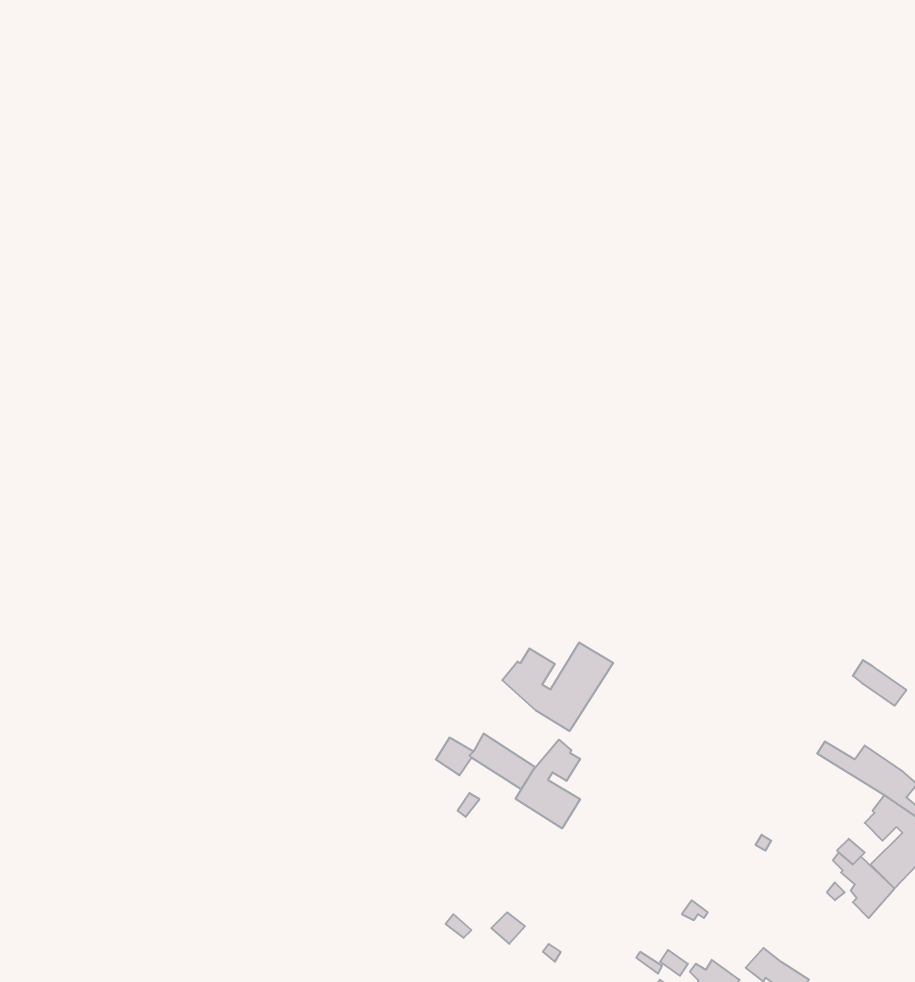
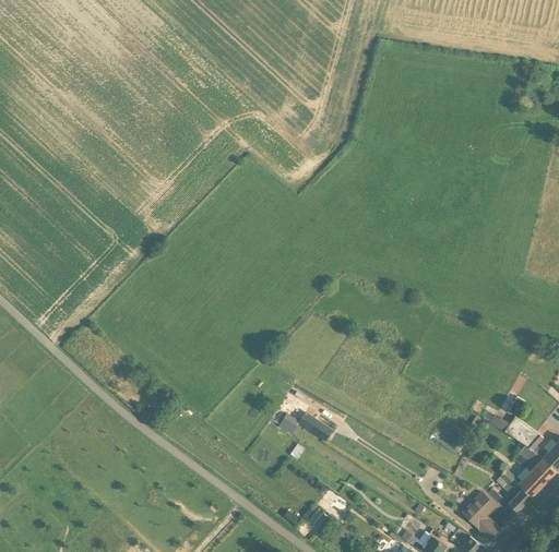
building: [502,642,613,731] -> none
building: [516,740,580,828] -> none
building: none -> [462,493,497,540]

